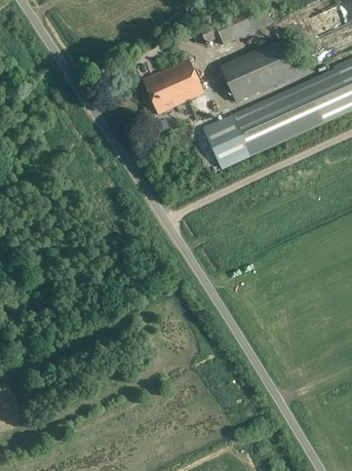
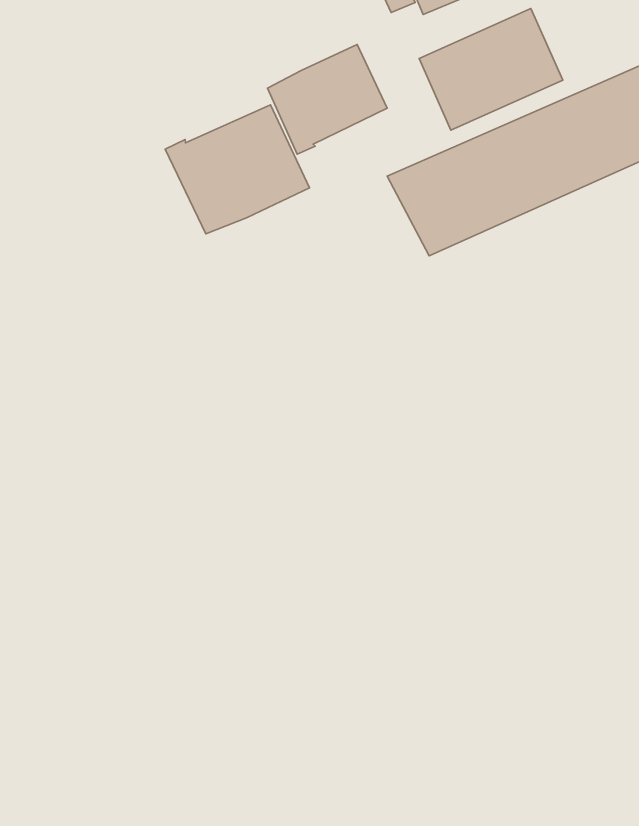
building: none -> [165,105,309,234]

